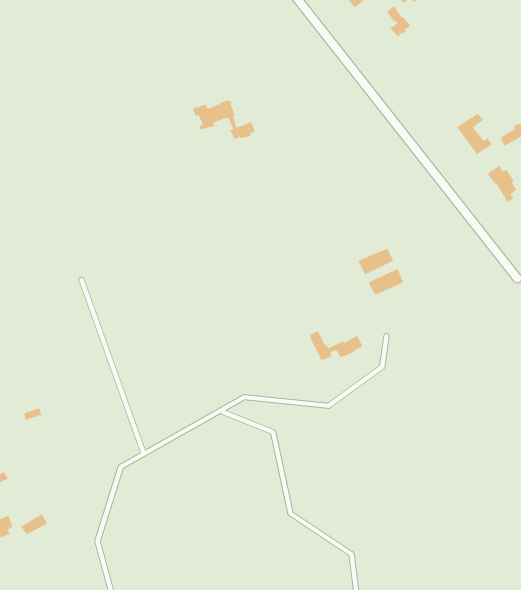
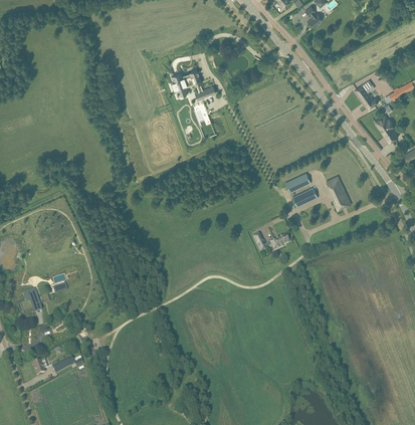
building: none -> [327,175,351,210]

